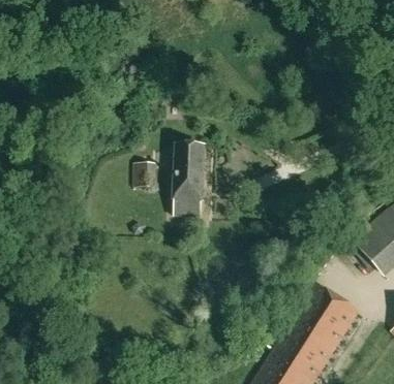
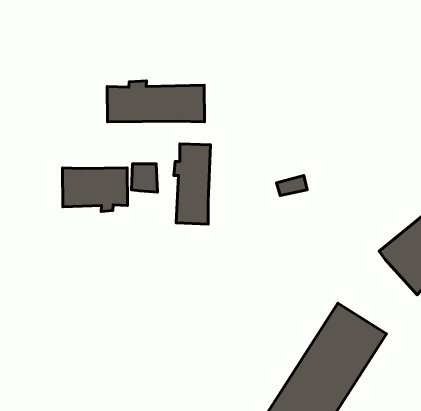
building: none -> [107,81,205,122]
building: none -> [63,168,128,211]

